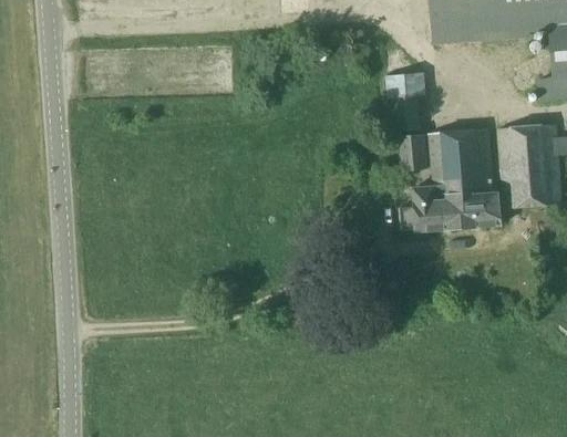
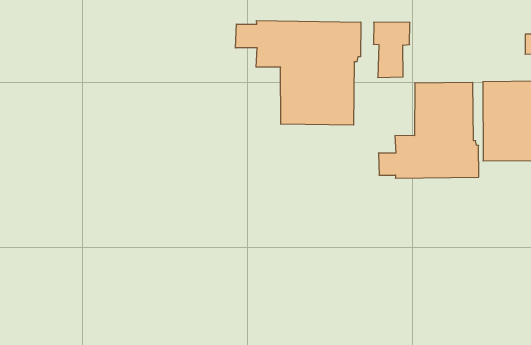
building: none -> [235,21,361,125]
building: [398,134,427,170] -> none

